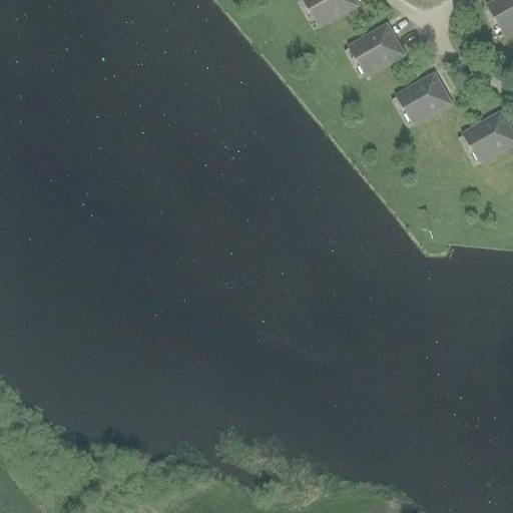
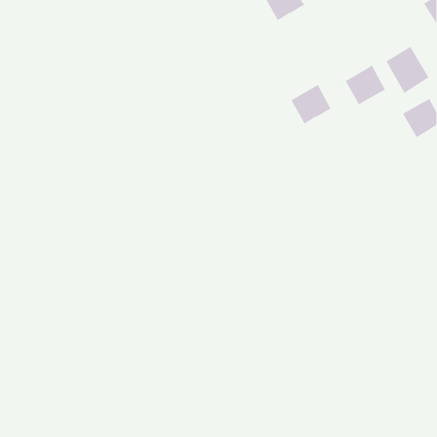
building: [344,26,403,73] -> [282,84,332,124]
building: none -> [379,46,430,94]

